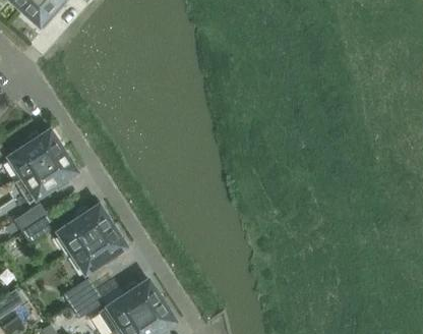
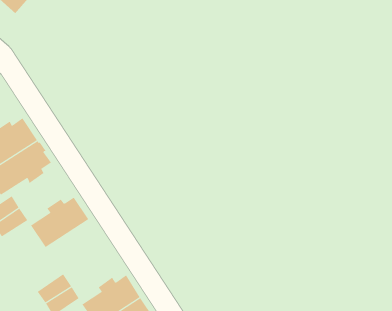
building: [71,226,127,274] -> none

